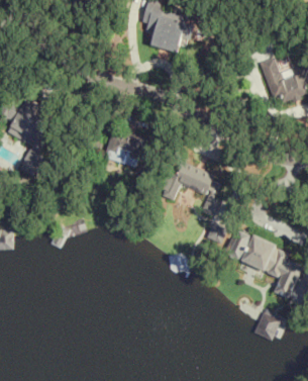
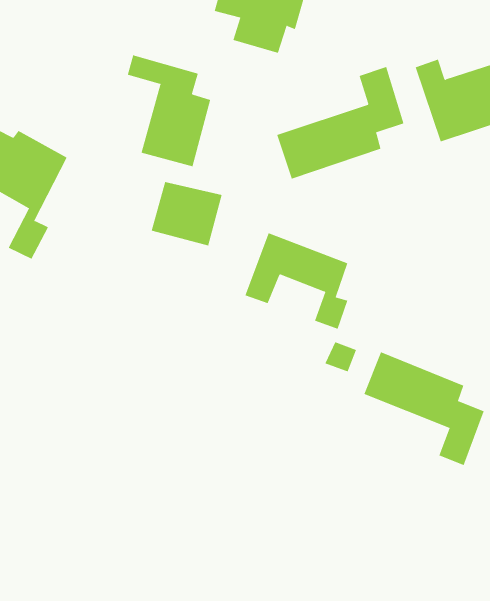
building: none -> [127,55,211,167]
building: none -> [276,66,404,180]
building: [253,312,278,340] -> none

